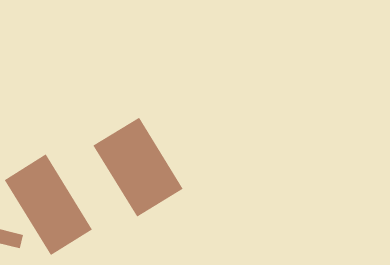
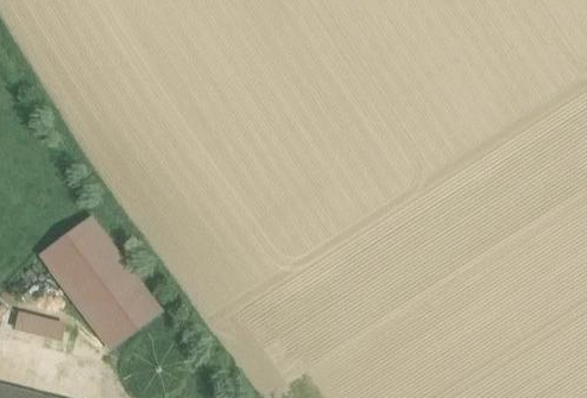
building: [93,117,184,217] -> none

